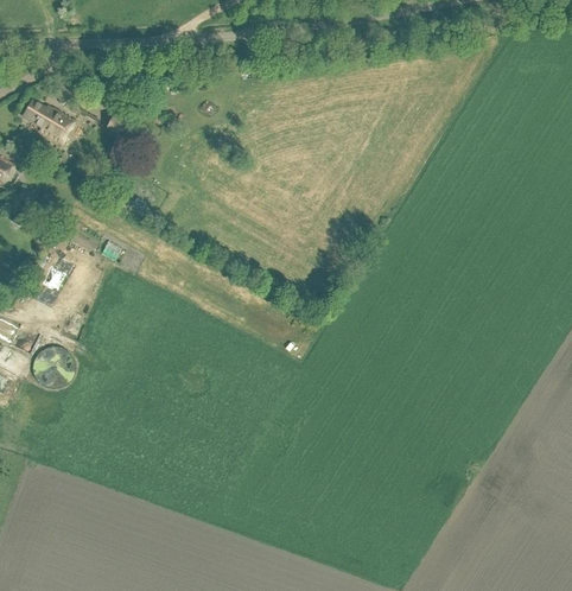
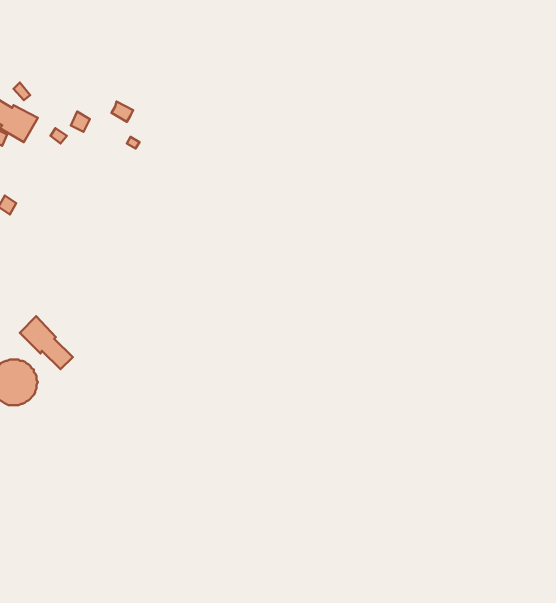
building: none -> [20,316,73,369]

